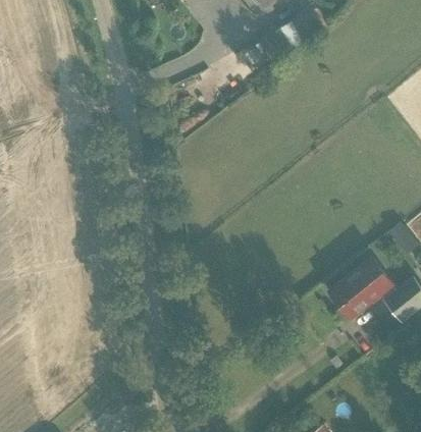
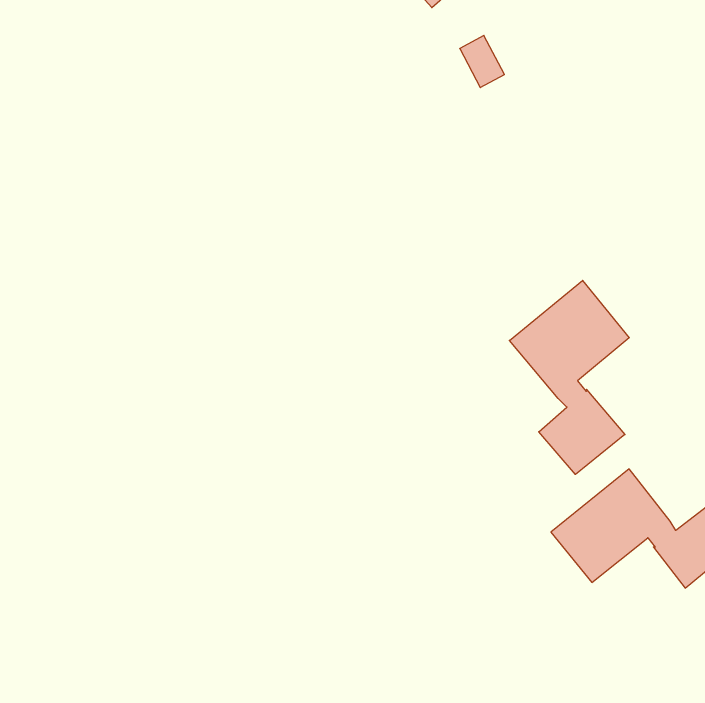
building: none -> [509,280,629,474]

